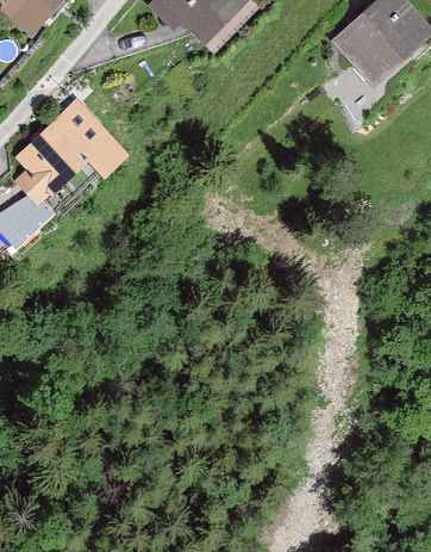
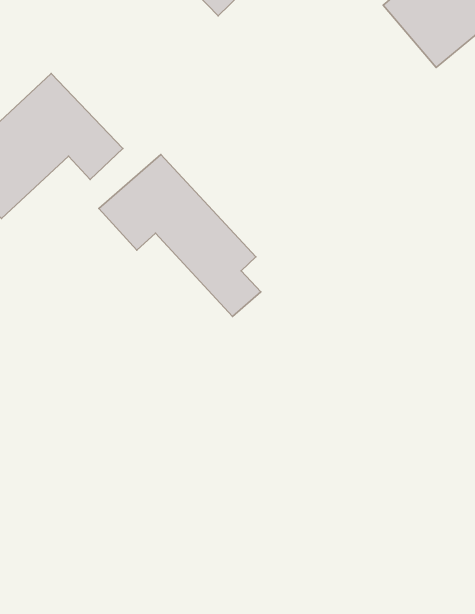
building: none -> [99,154,261,317]

